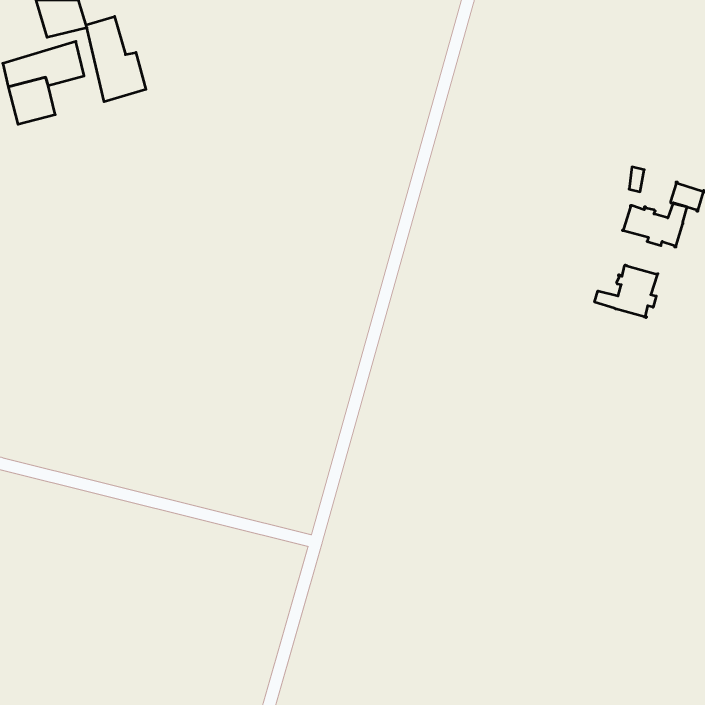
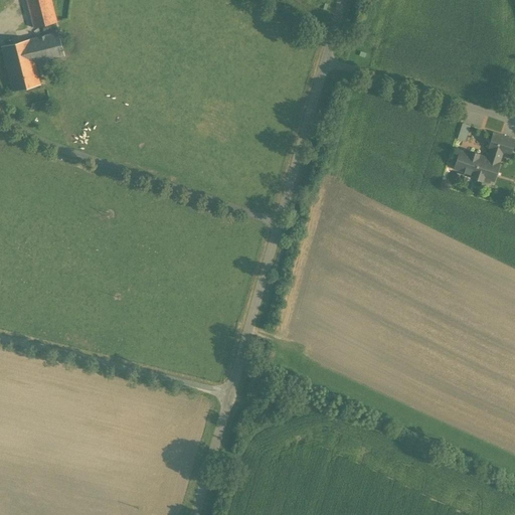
building: [86,16,146,102] -> none
building: [595,265,658,318] -> none

